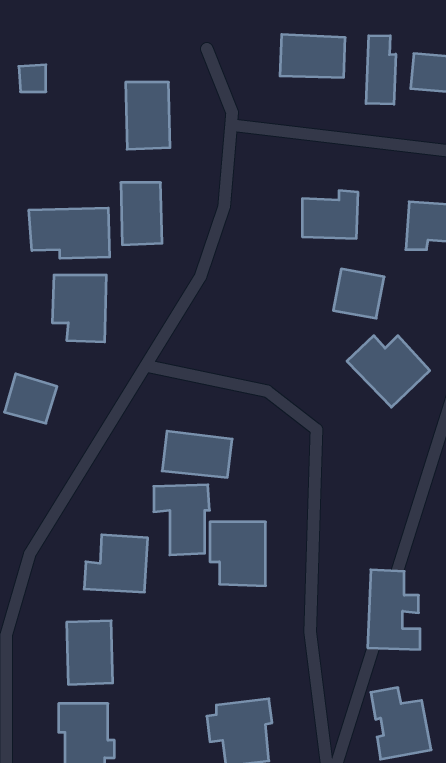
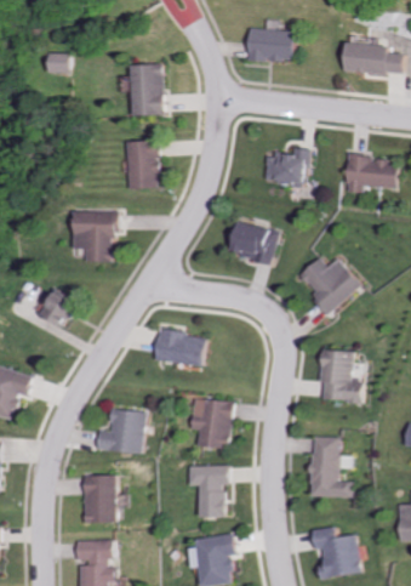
building: [366,36,396,104] -> none
building: [29,208,110,258] -> none
building: [333,269,384,318] -> [229,222,268,260]
building: none -> [321,349,364,402]
building: [154,485,210,555] -> [189,465,232,518]

